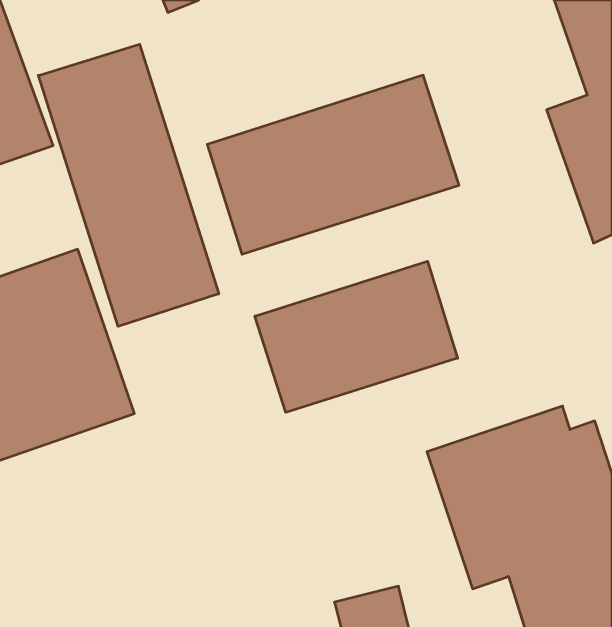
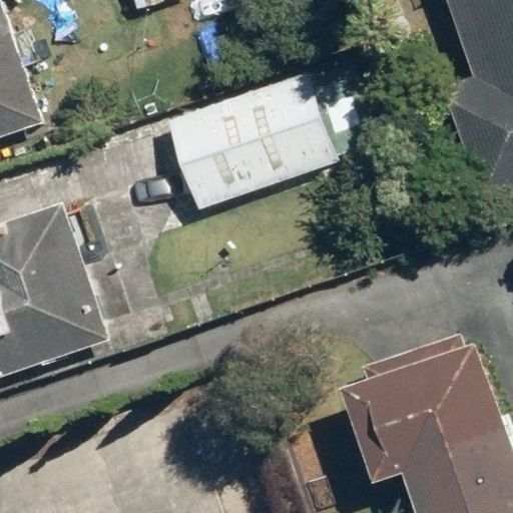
building: [38,44,219,326] -> none
building: [255,261,458,412] -> none

